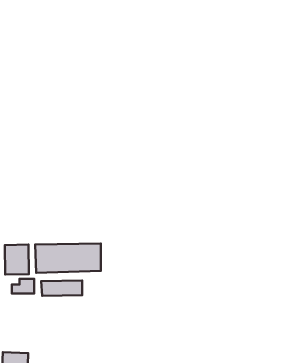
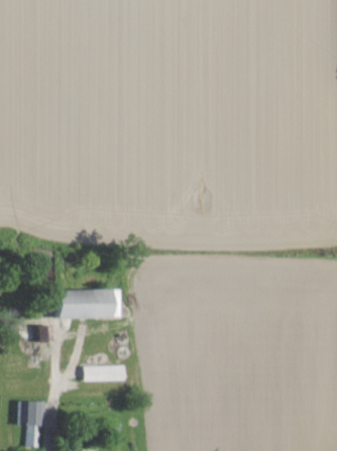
building: [5,245,29,275] -> none
building: [41,280,82,296] -> [84,365,126,381]

